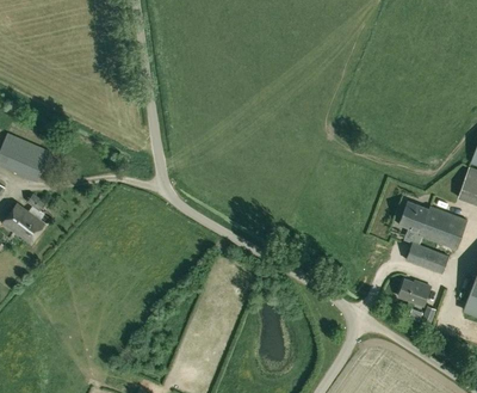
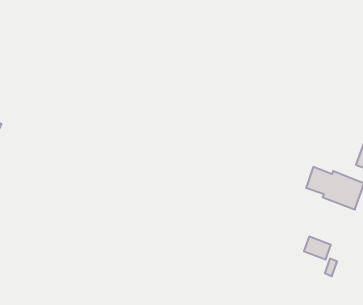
building: [405,242,448,275] -> none

